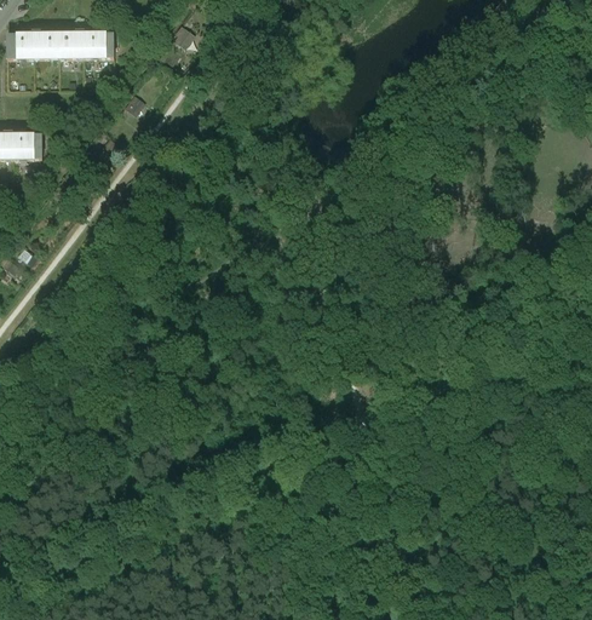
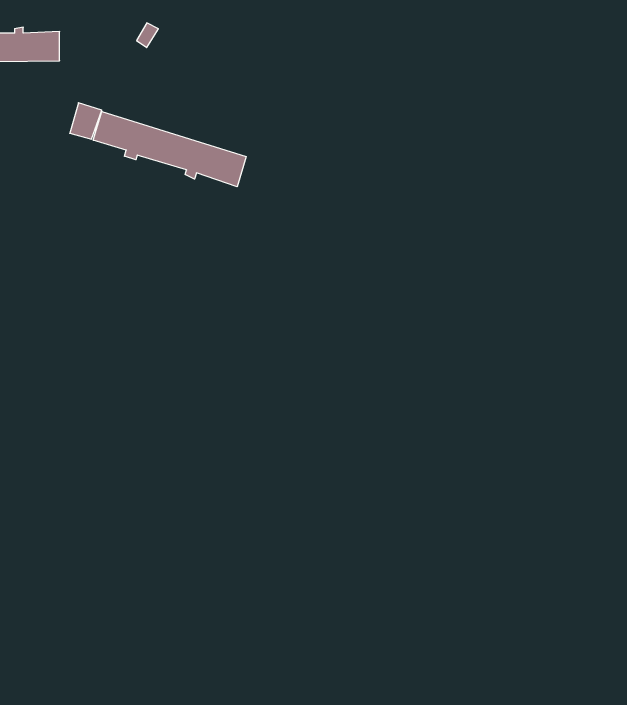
building: none -> [93,111,246,187]

